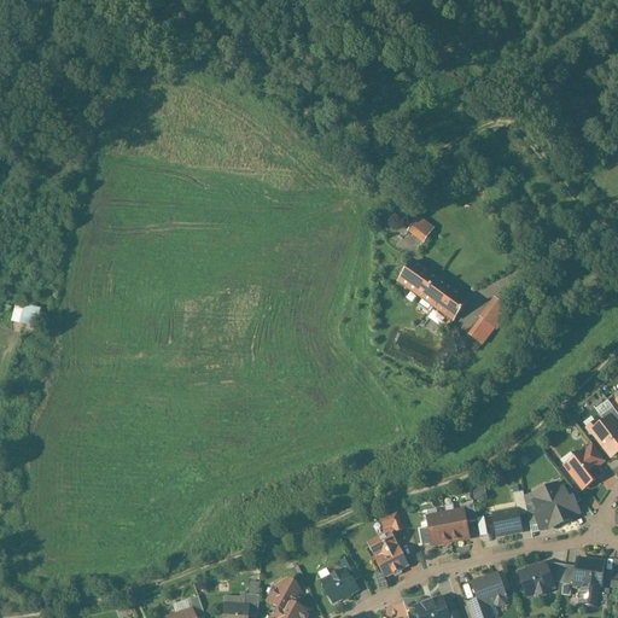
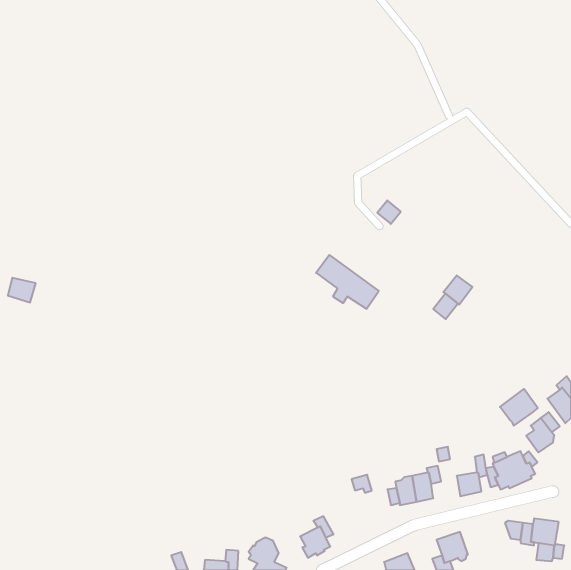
building: [398,261,466,319] -> [316,255,379,309]
building: none -> [500,389,538,426]
building: [367,532,406,576] -> none
building: [517,562,552,595] -> none

